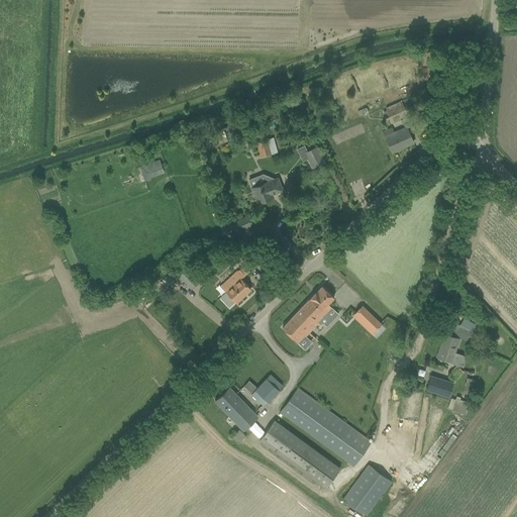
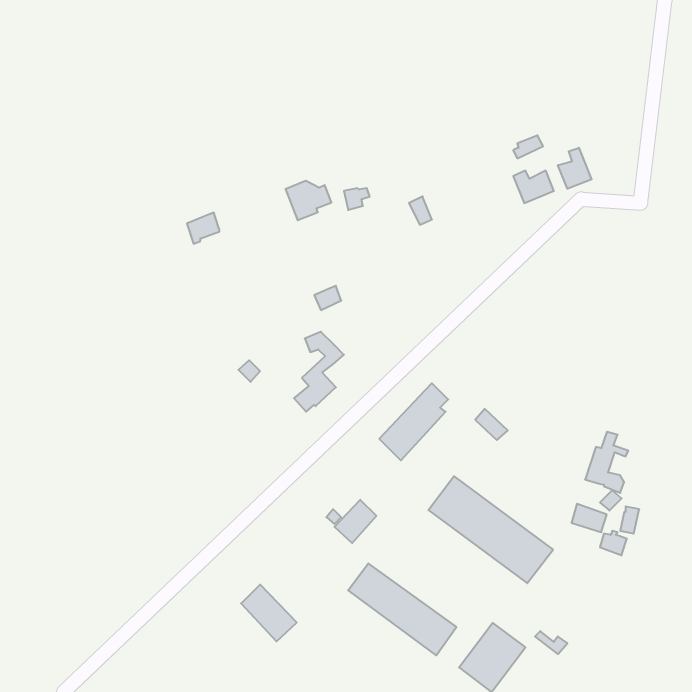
building: none -> [558,148,592,189]
building: [248,174,283,203] -> [285,181,331,220]
building: [215,387,256,429] -> [241,585,297,641]
building: [279,387,372,467] -> [428,476,553,583]

